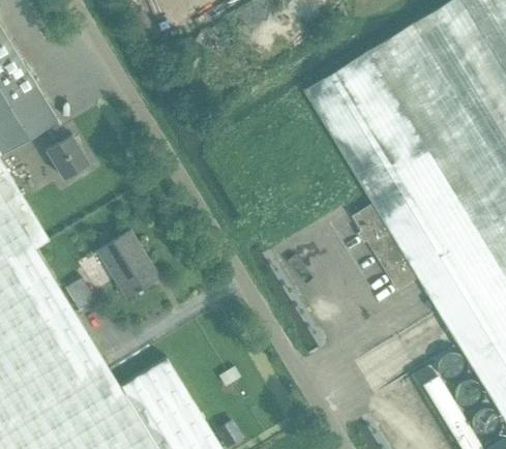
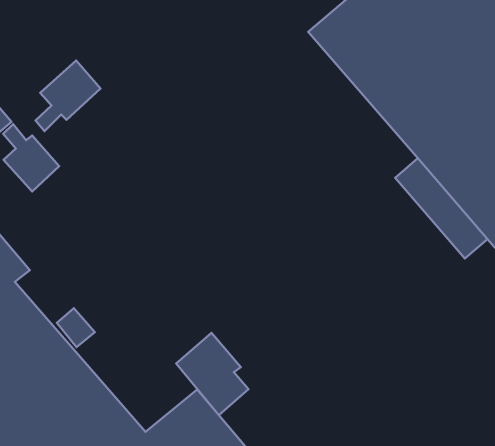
building: none -> [35,60,101,131]
building: [97,233,151,299] -> [176,333,248,415]

